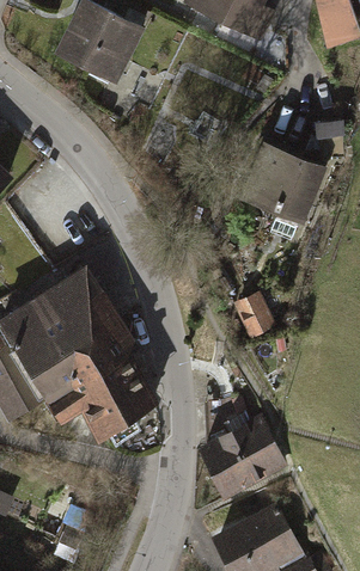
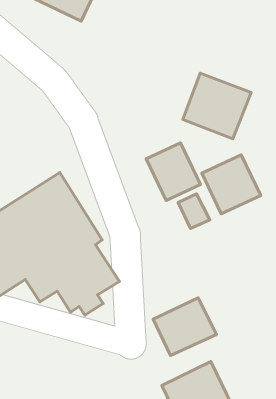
building: none -> [146,143,201,200]
building: none -> [202,155,261,214]

